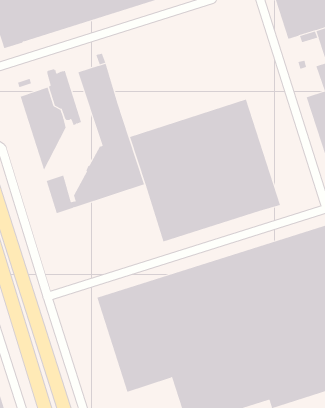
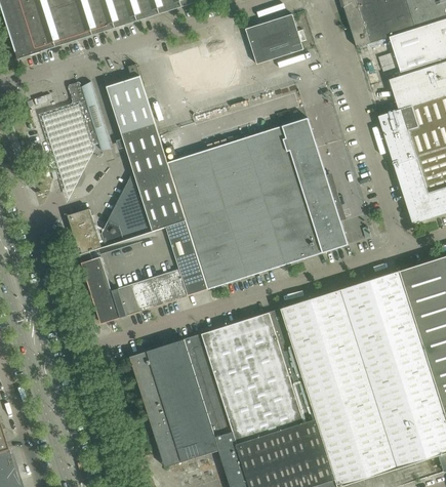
building: none -> [247,14,303,63]
building: none -> [80,220,207,323]

